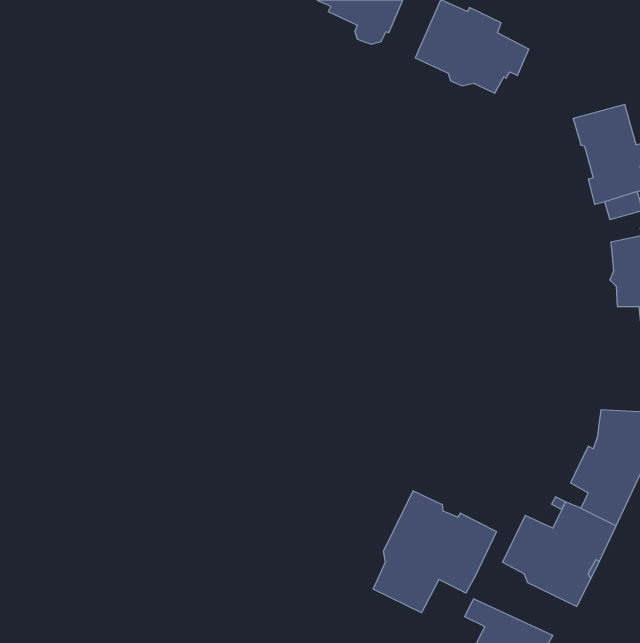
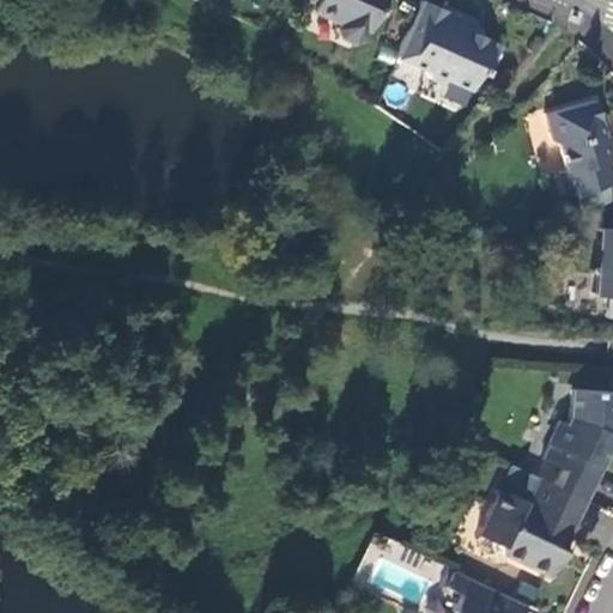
building: [373,491,497,613] -> none

